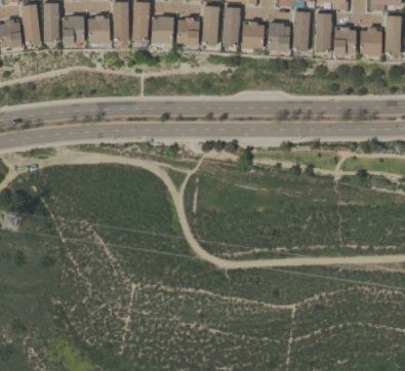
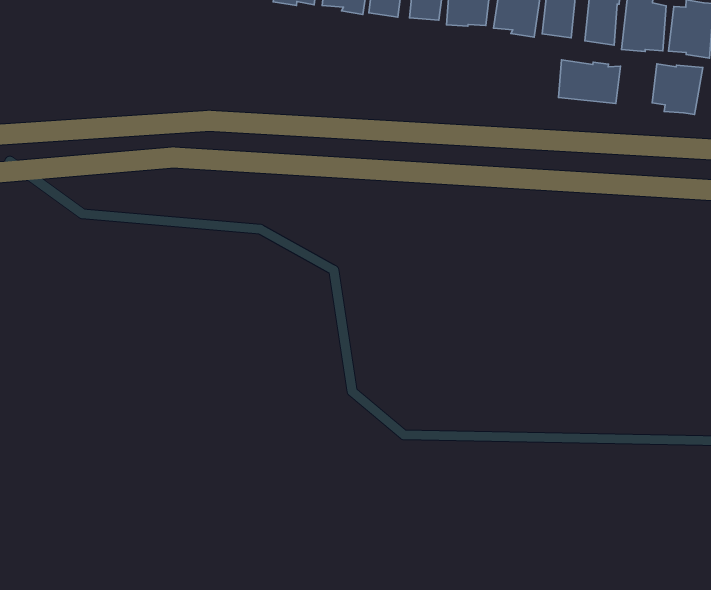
building: none -> [652,64,703,114]
building: none -> [558,60,620,103]

